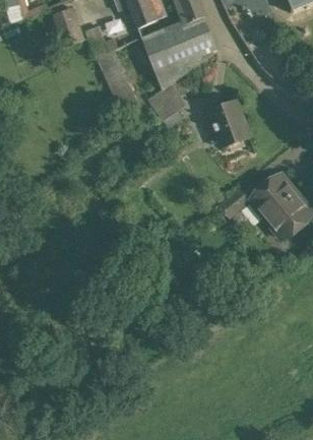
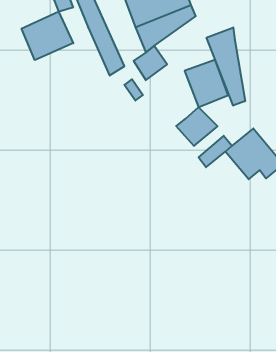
building: none -> [22,12,73,60]
building: none -> [207,27,245,106]
building: none -> [176,107,217,146]

